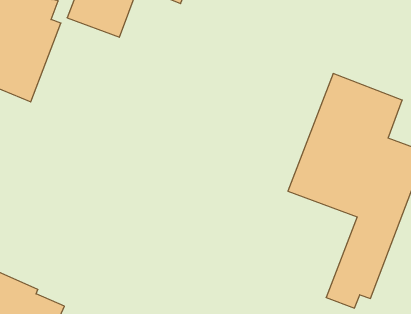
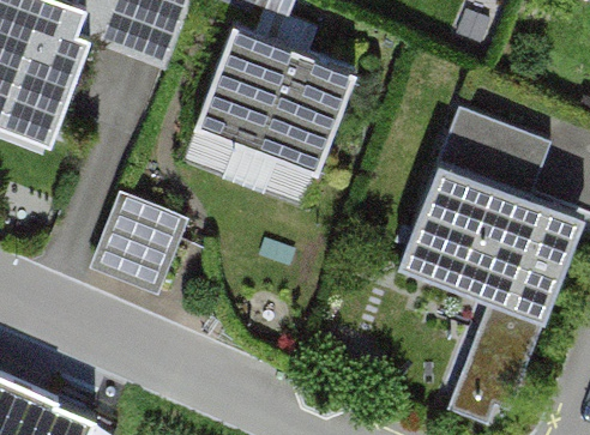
building: none -> [195,26,354,171]
building: none -> [90,193,187,295]

